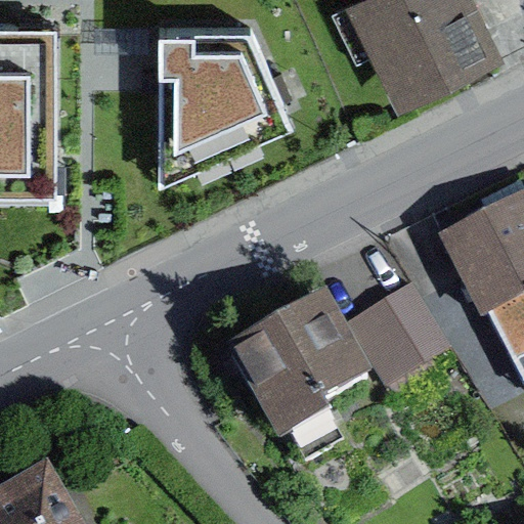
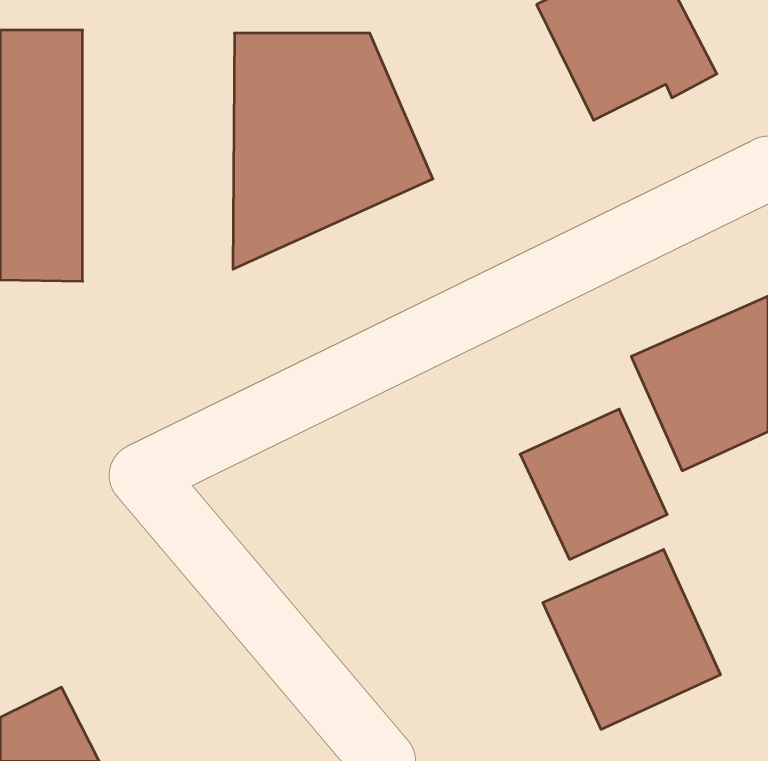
building: [220,297,368,437] -> none
building: none -> [543,549,720,729]

